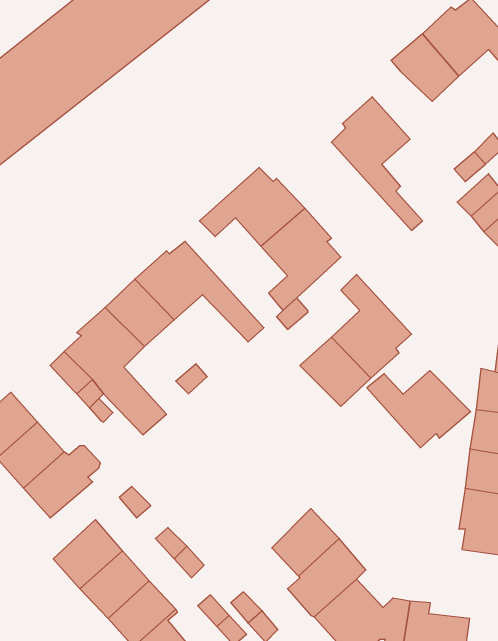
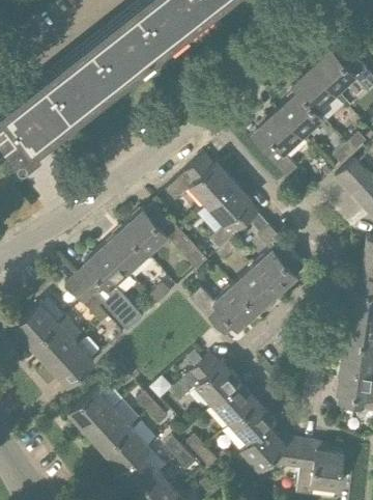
building: none -> [279,92,324,137]
building: [367,371,471,448] -> [190,286,258,337]
building: none -> [171,355,238,407]

